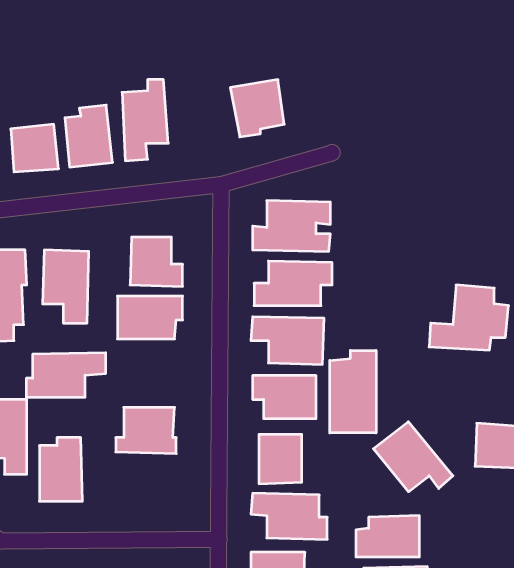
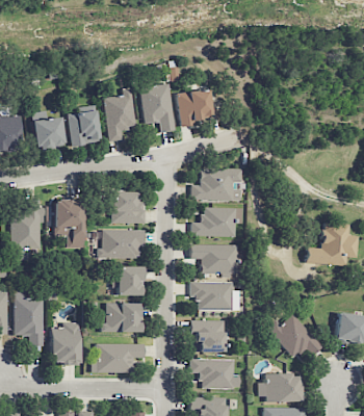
building: none -> [140,81,175,132]
building: [330,350,376,433] -> none
building: none -> [119,266,145,295]
building: [26,353,106,397] -> [93,343,145,372]

